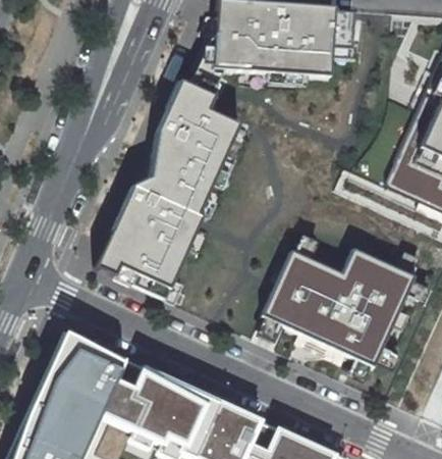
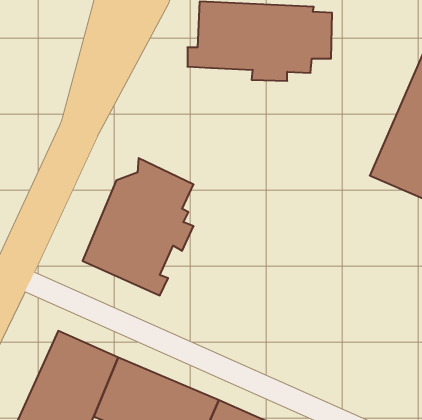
building: [153,69,237,190] -> none
building: [270,248,421,367] -> none

